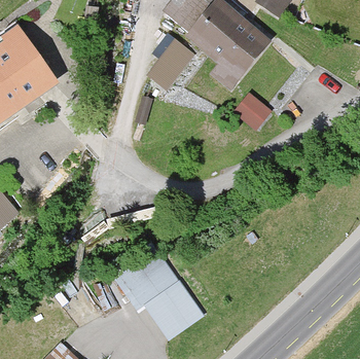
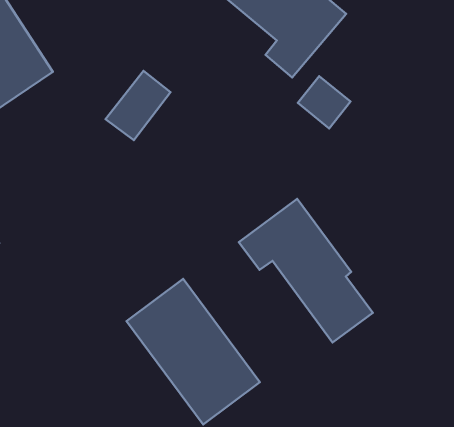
building: [147,39,194,89] -> [105,71,170,140]
building: none -> [239,199,373,343]

